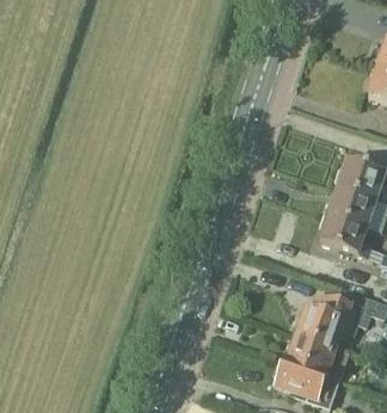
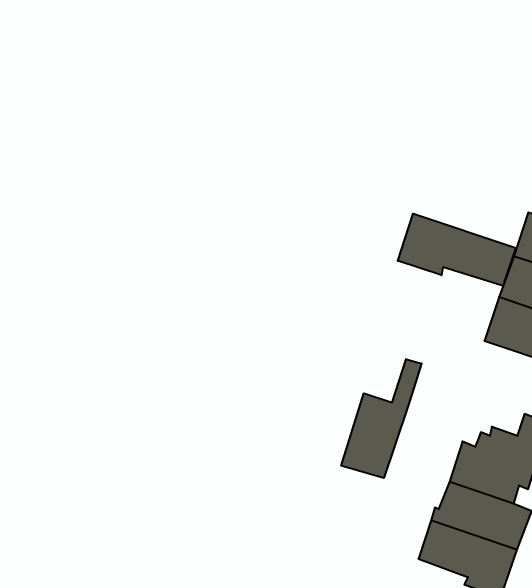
building: none -> [398,214,516,286]
building: none -> [341,359,422,478]

